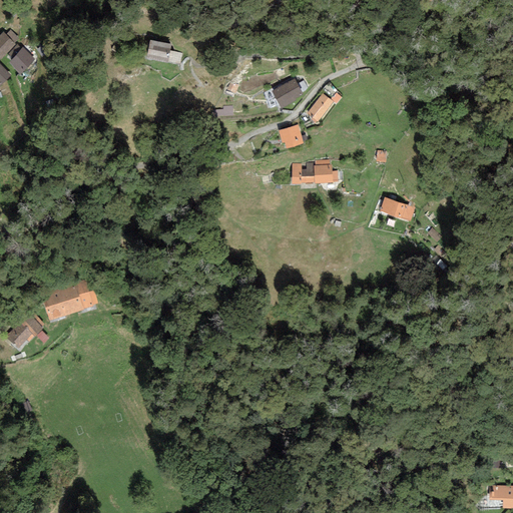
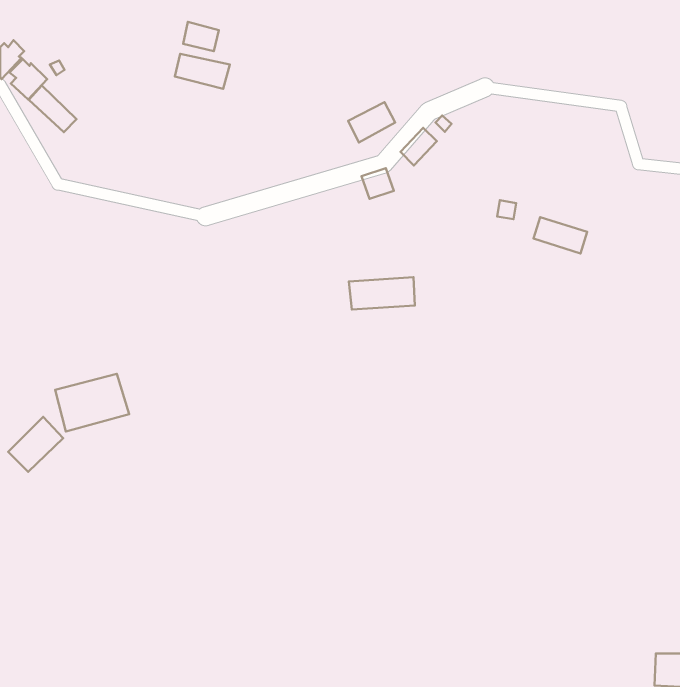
building: none -> [183,22,219,51]
building: none -> [29,85,76,132]
building: [289,160,338,184] -> [349,277,415,310]
building: [380,196,420,223] -> [533,217,587,253]

